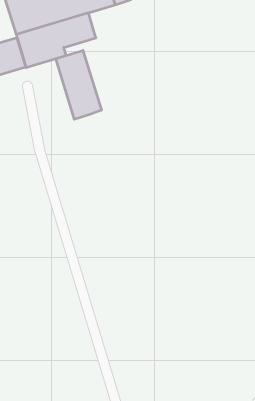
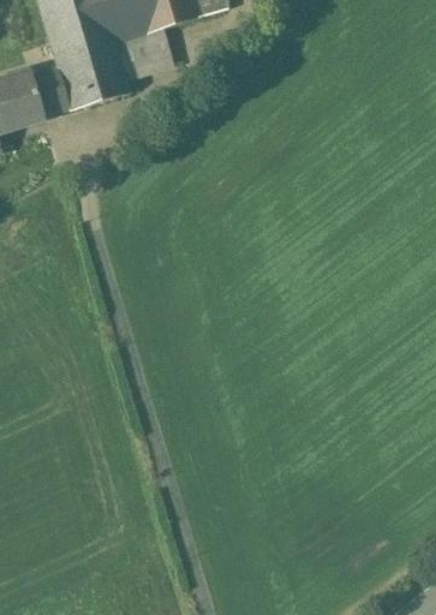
building: [56,50,101,119] -> none

